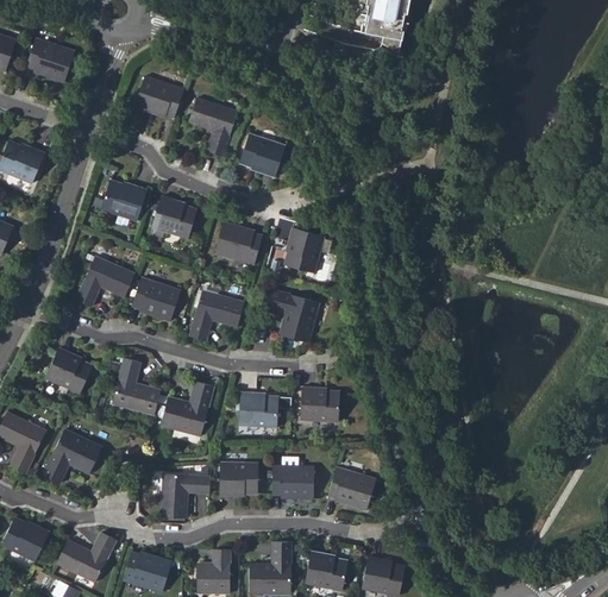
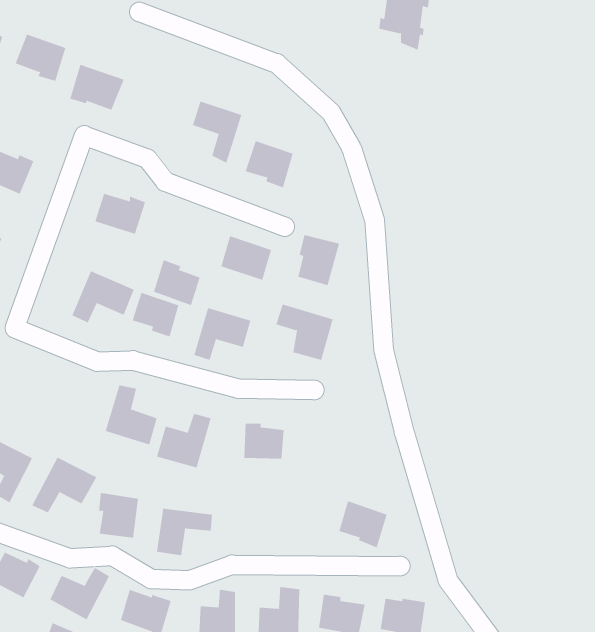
building: [137,74,188,117] -> [69,64,125,110]
building: [155,197,199,240] -> [153,260,201,306]
building: [40,350,86,394] -> none
building: [297,391,336,425] -> none
building: none -> [99,492,139,538]
building: [217,465,257,499] -> none
building: [270,466,311,501] -> none

